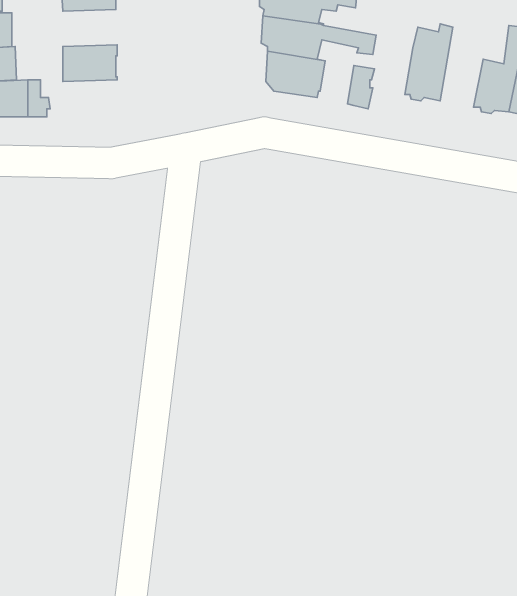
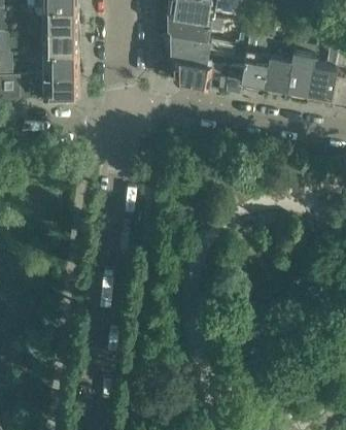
building: none -> [42,30,77,54]
building: none -> [285,35,313,94]
building: none -> [240,51,268,87]
building: none -> [42,75,77,99]

